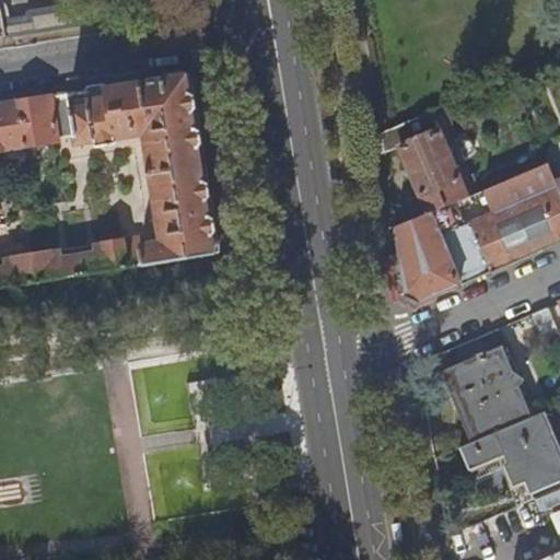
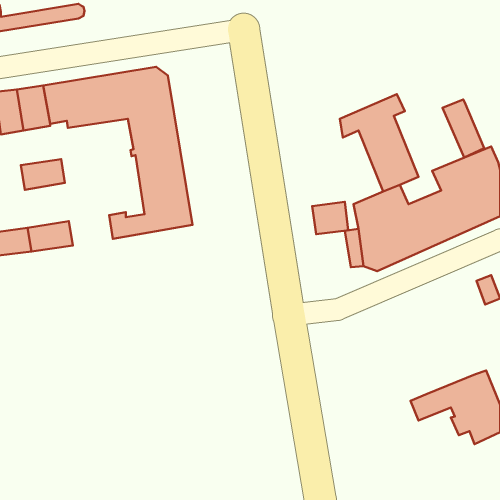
building: none -> [443,100,484,158]
building: none -> [312,202,348,234]
building: [77,240,126,273] -> [21,159,65,190]
building: [446,347,529,439] -> none

